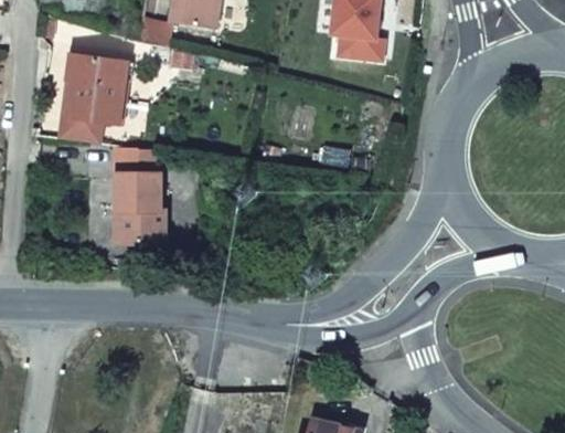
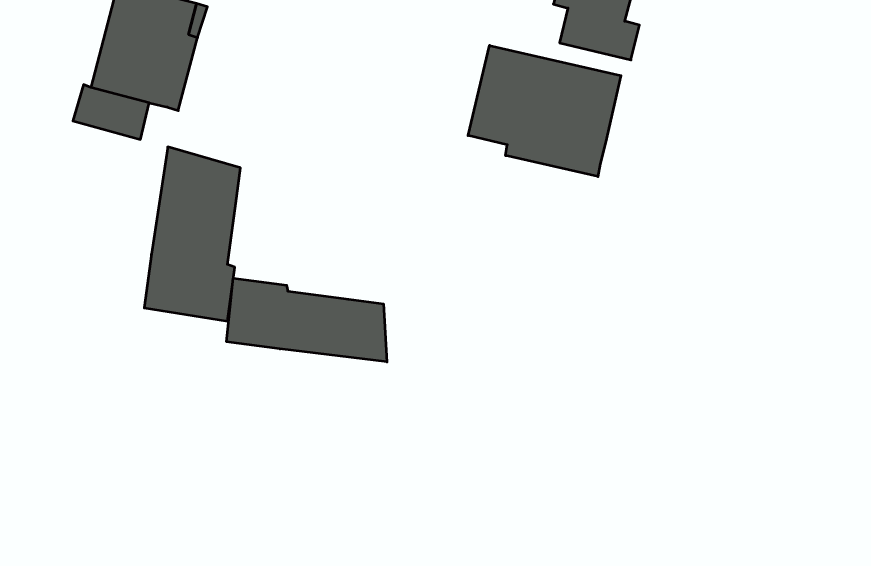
building: none -> [468,45,621,177]
building: none -> [227,278,387,362]

